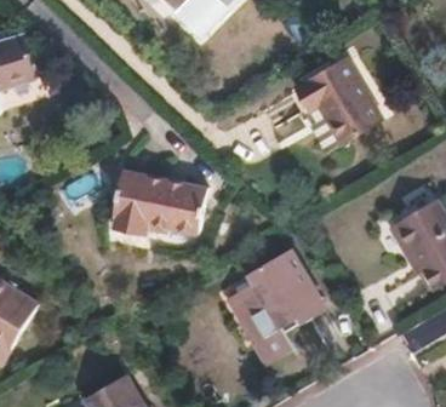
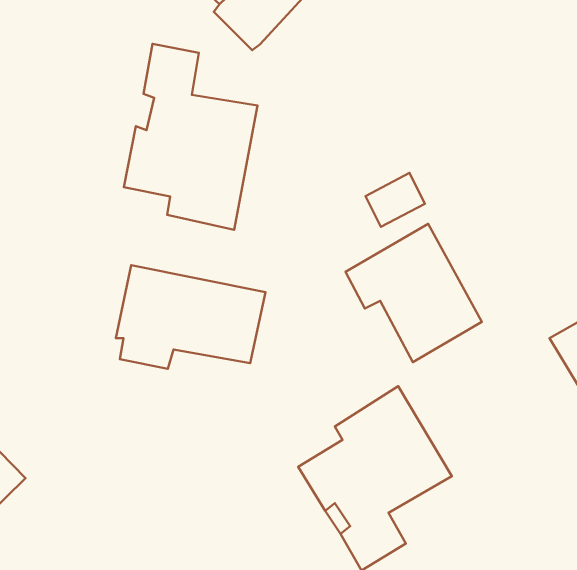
building: none -> [124,44,258,230]
building: [296,56,382,143] -> [346,224,482,362]

